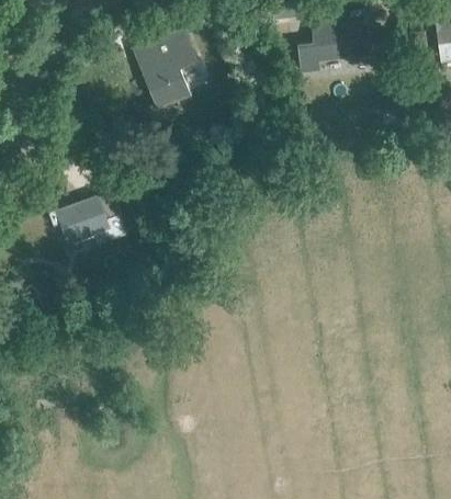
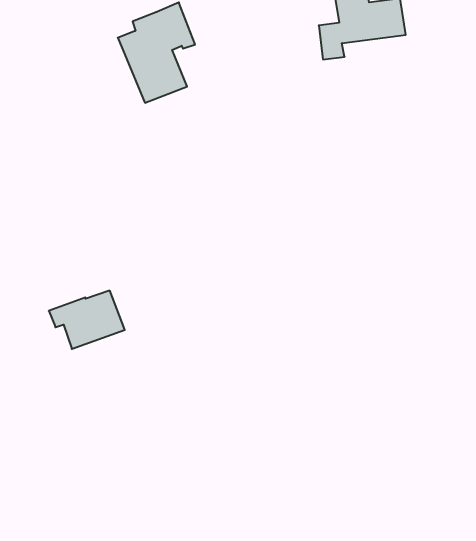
building: [48,196,110,243] -> [49,291,125,349]

